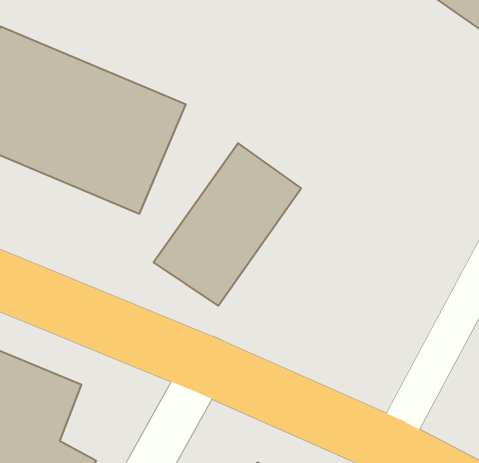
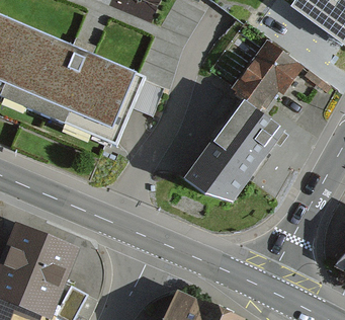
building: none -> [234,42,296,105]
building: [154,143,301,306] -> [187,105,277,205]

